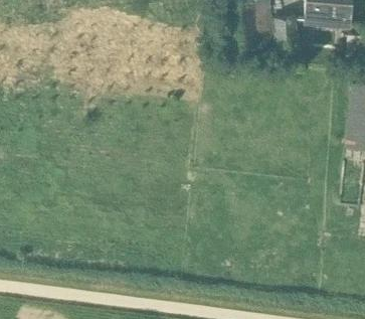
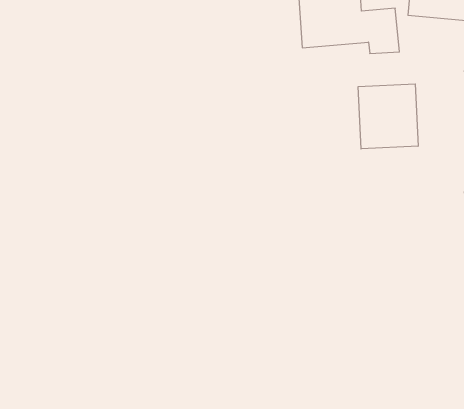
building: none -> [358,84,418,149]

